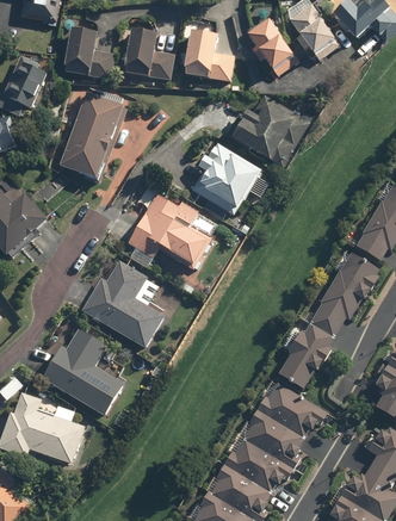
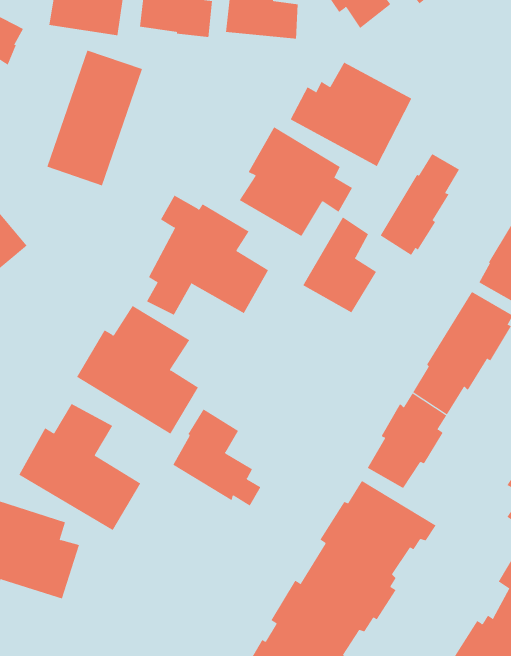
building: none -> [380,153,460,256]
building: none -> [302,217,377,313]
building: none -> [173,409,261,507]

